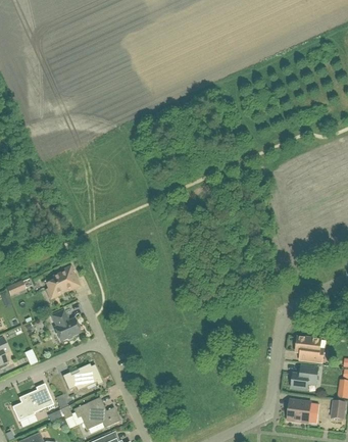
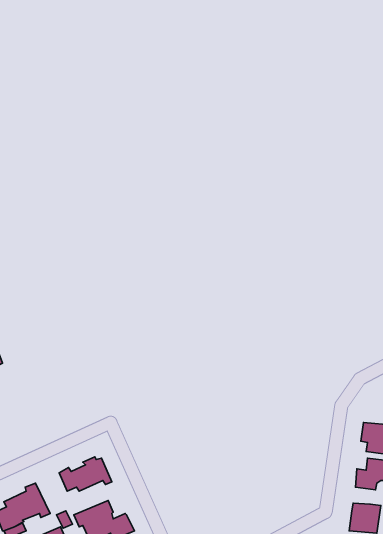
building: [46,264,80,298] -> none
building: [52,309,80,339] -> none

